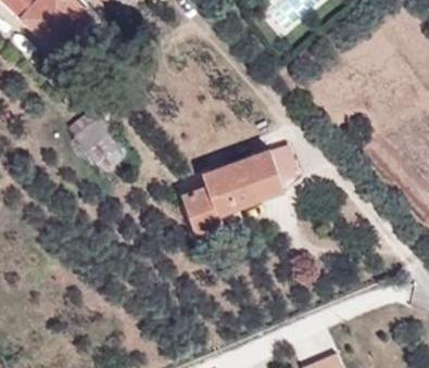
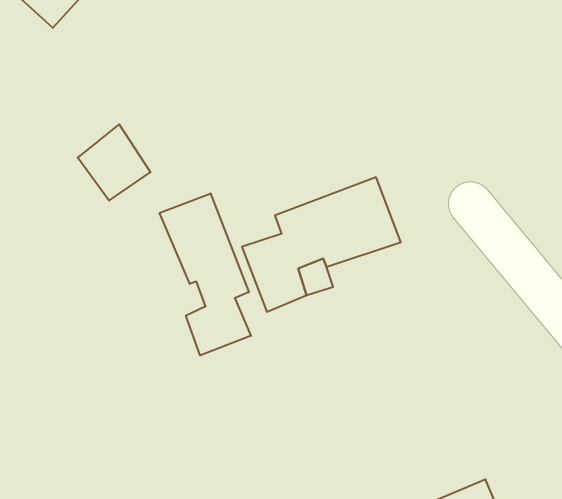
building: none -> [160,193,251,355]

